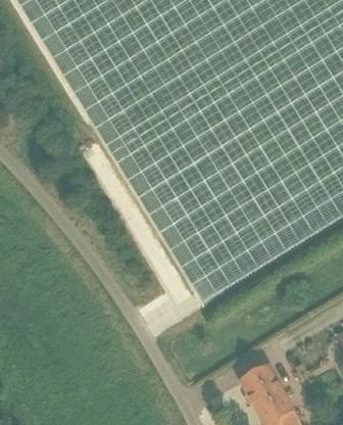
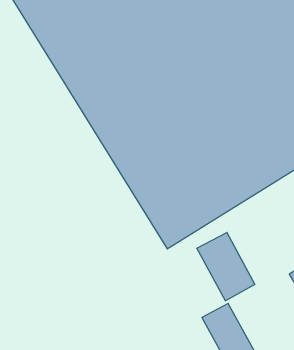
building: none -> [197,232,255,301]

